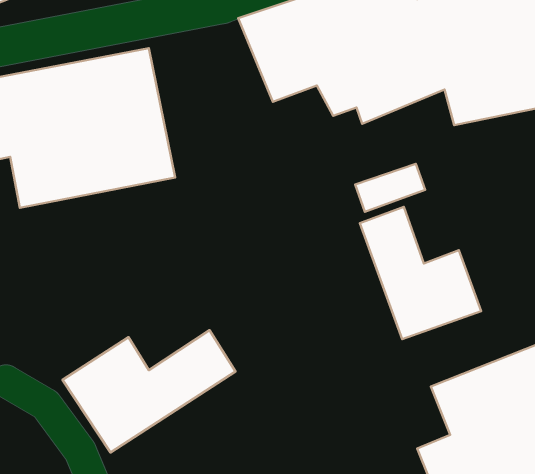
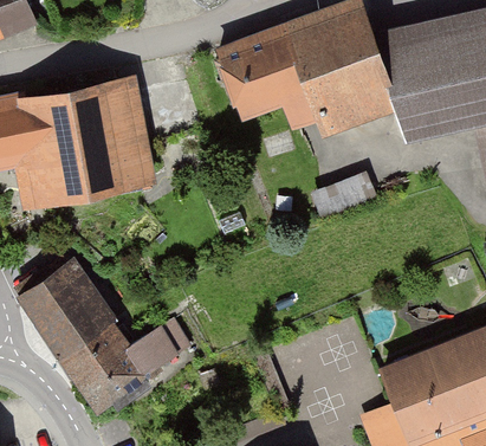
building: [360,207,481,339] -> none
building: none -> [19,264,115,360]

